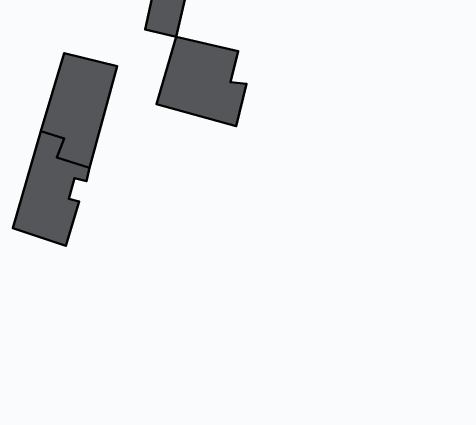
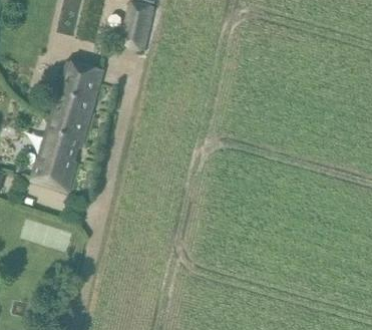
building: [157,37,247,126] -> none

